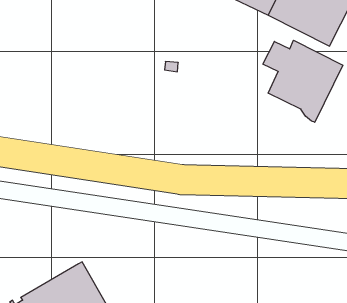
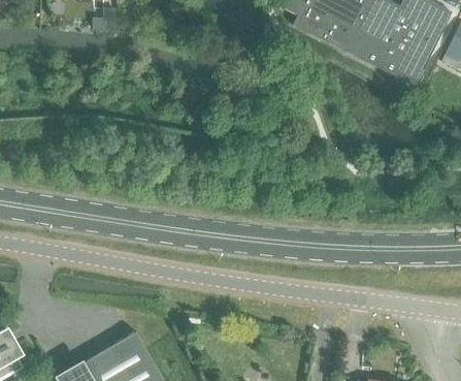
building: [263,40,343,122] -> none

